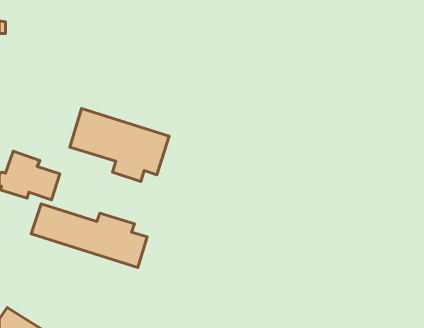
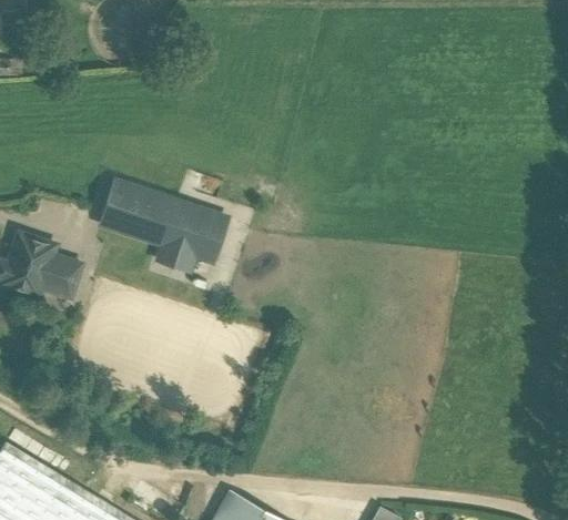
building: [31,204,147,268] -> none

